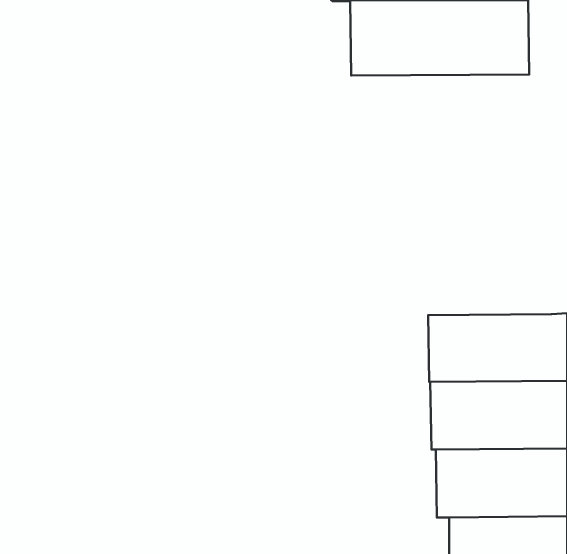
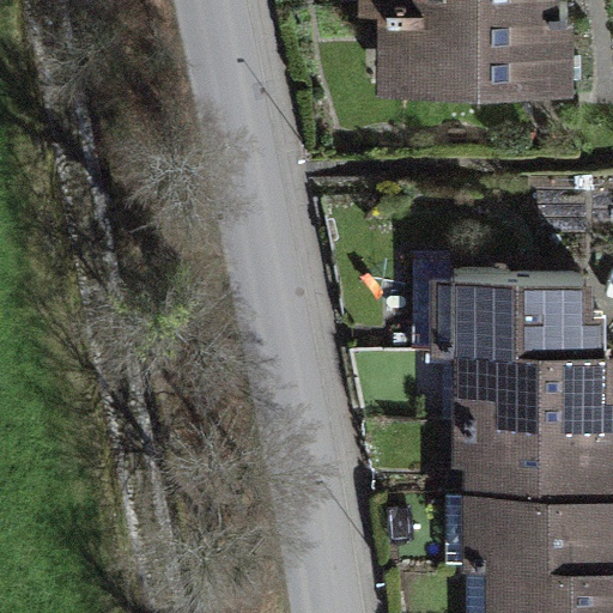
building: none -> [436,280,594,354]

